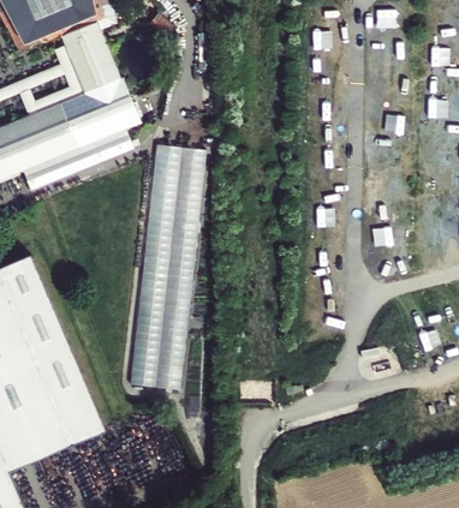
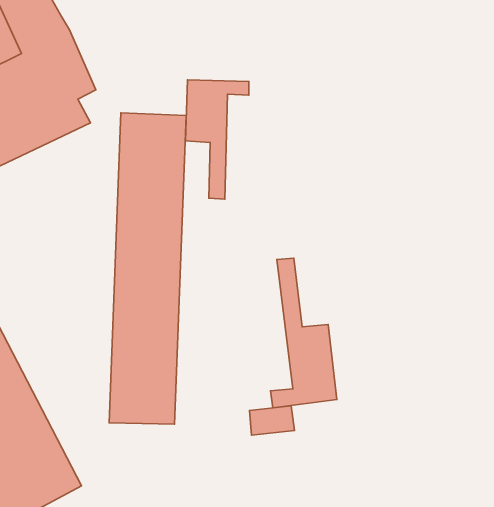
building: none -> [185,80,249,199]
building: none -> [270,258,337,408]

